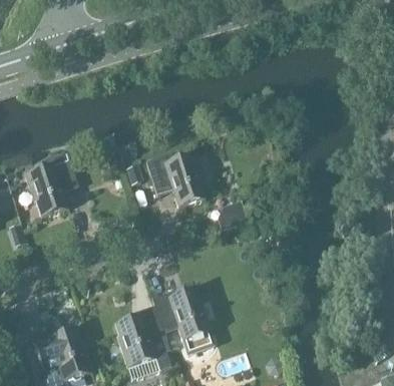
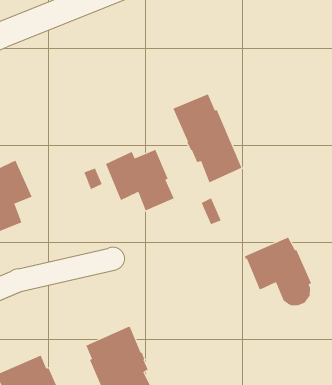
building: none -> [170,94,242,183]
building: [152,288,211,350] -> [244,237,312,306]

